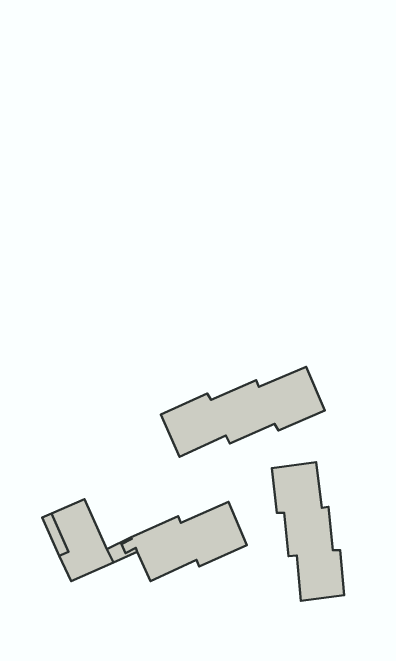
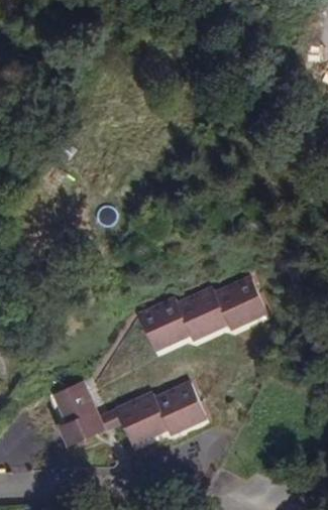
building: [272,462,344,601] -> none

